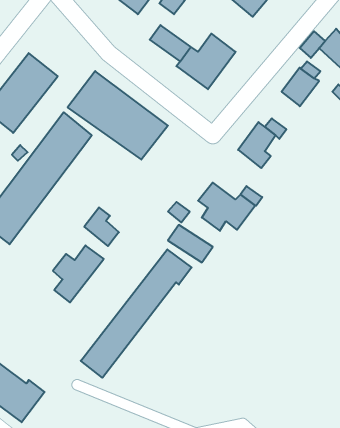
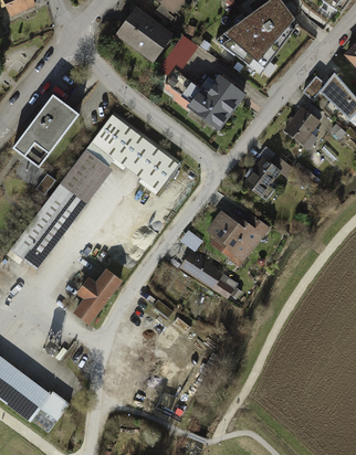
building: [84,207,119,246] -> none
building: [81,249,192,378] -> none

